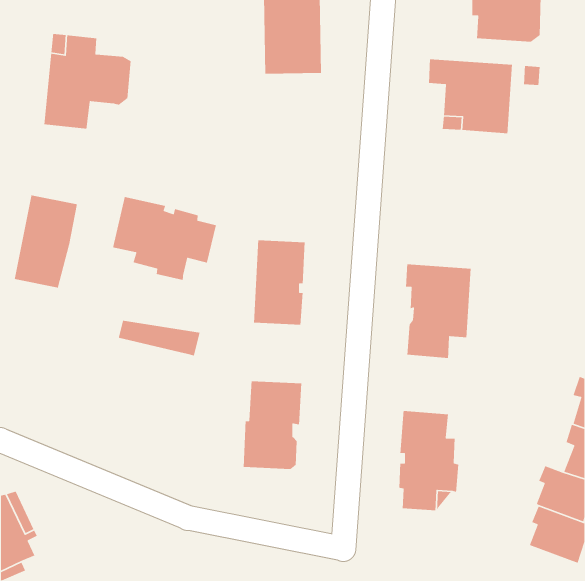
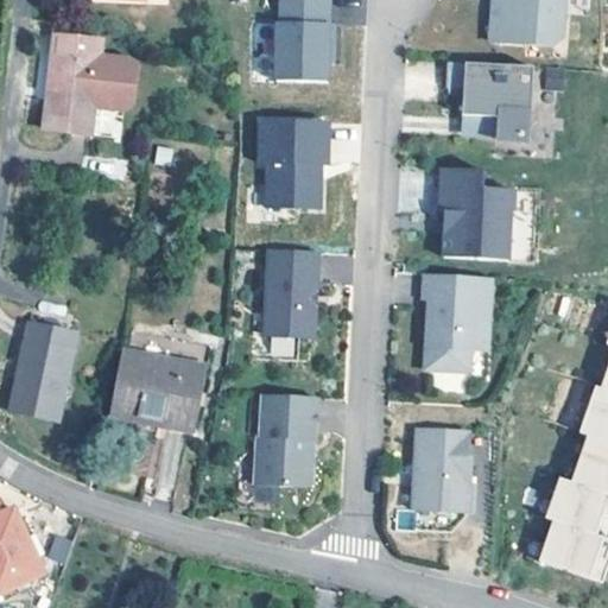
building: none -> [259,112,327,204]
building: none -> [437,167,513,261]
building: [14,195,78,289] -> [7,323,74,420]
building: [112,196,217,281] -> none
building: none -> [110,350,192,420]

